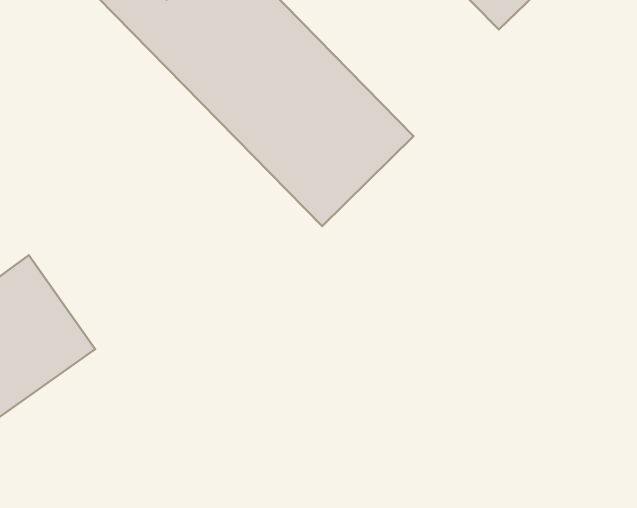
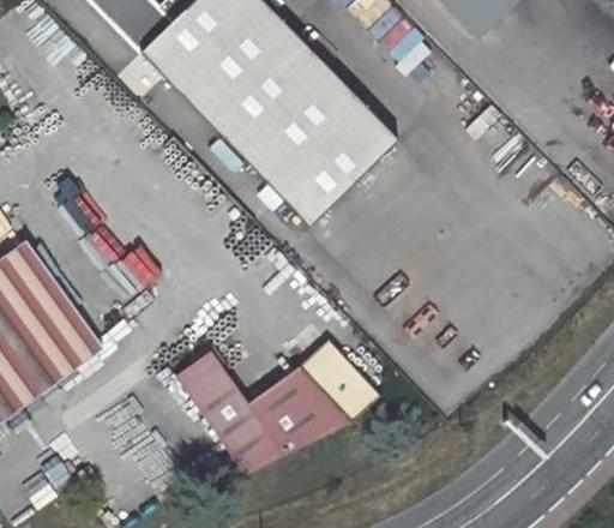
building: none -> [176,338,380,473]

